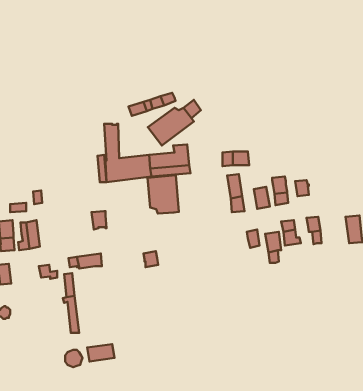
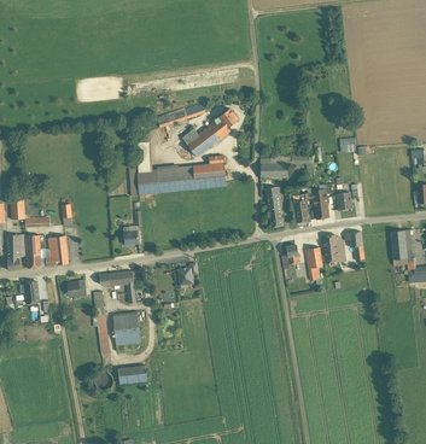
building: [147,175,179,214] -> none
building: none -> [113,311,141,345]

